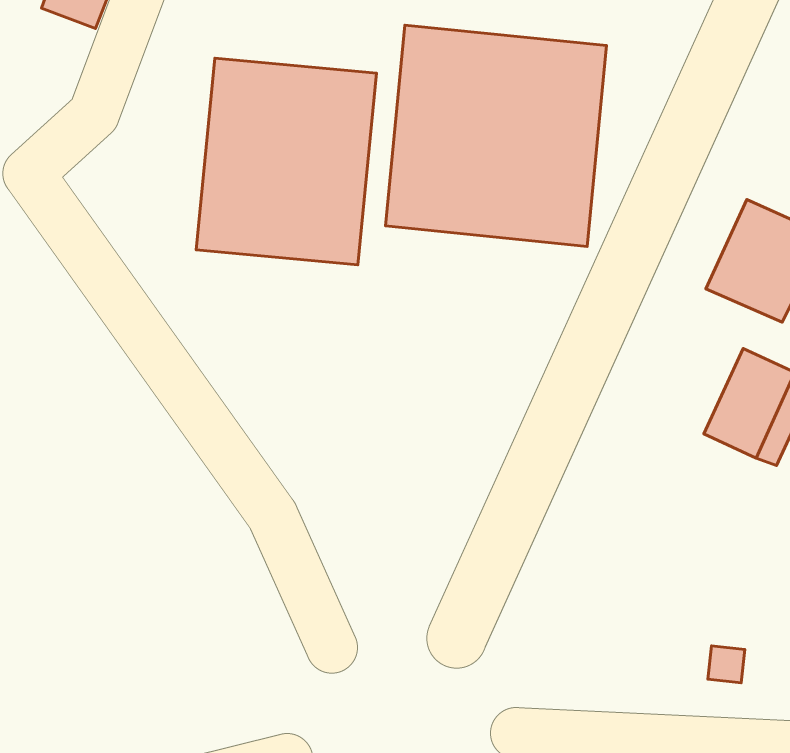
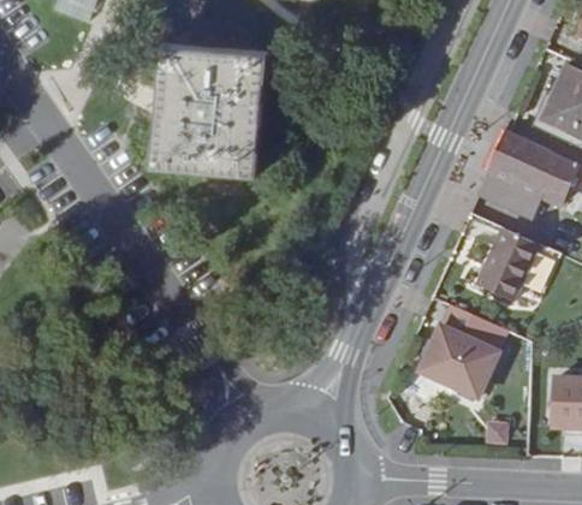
building: [385,25,607,246] -> none
building: none -> [420,307,498,398]

